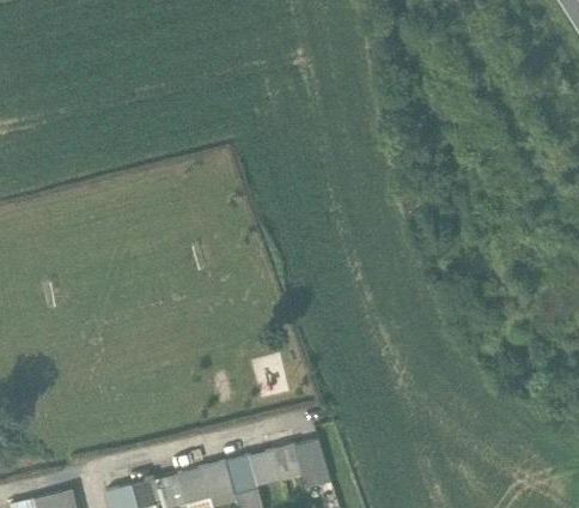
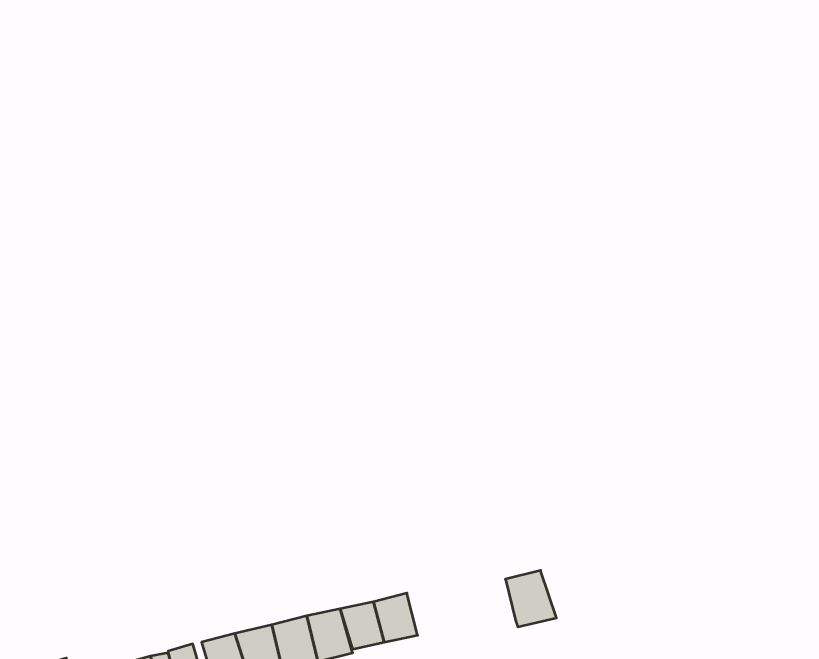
building: [293,441,328,479] -> [505,570,556,627]

